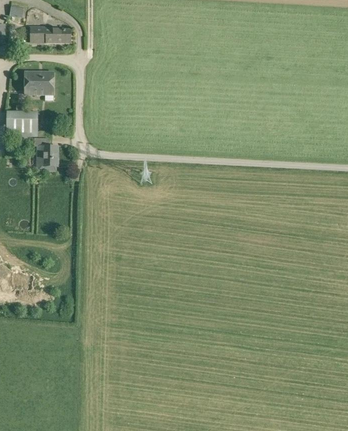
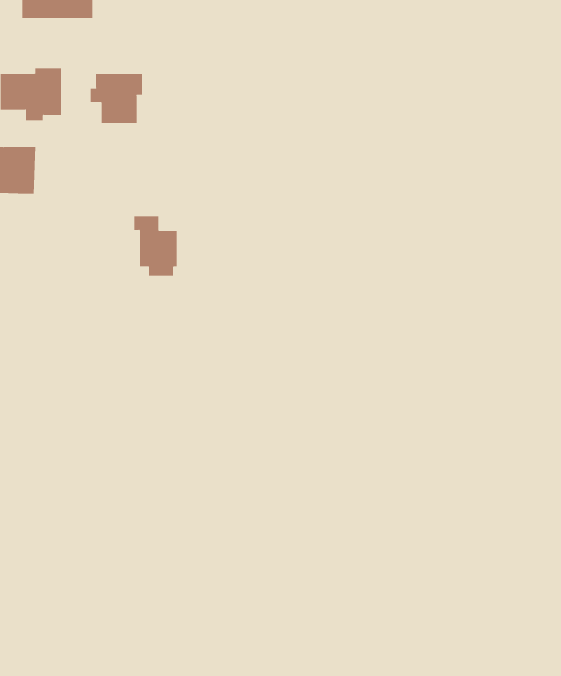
building: none -> [90,73,142,124]
building: [33,137,57,170] -> [134,216,178,276]

